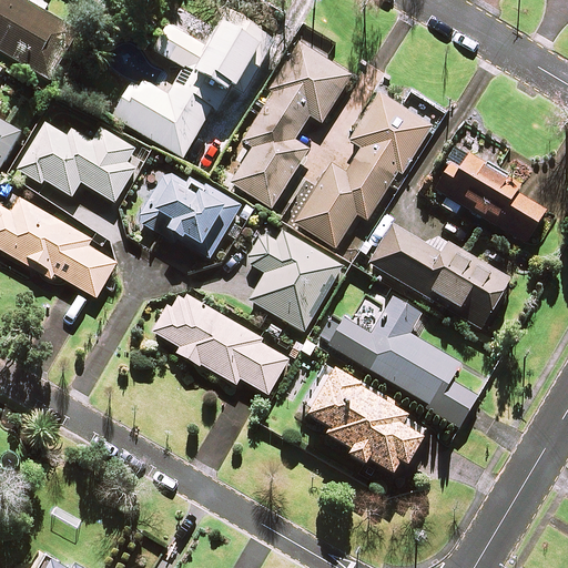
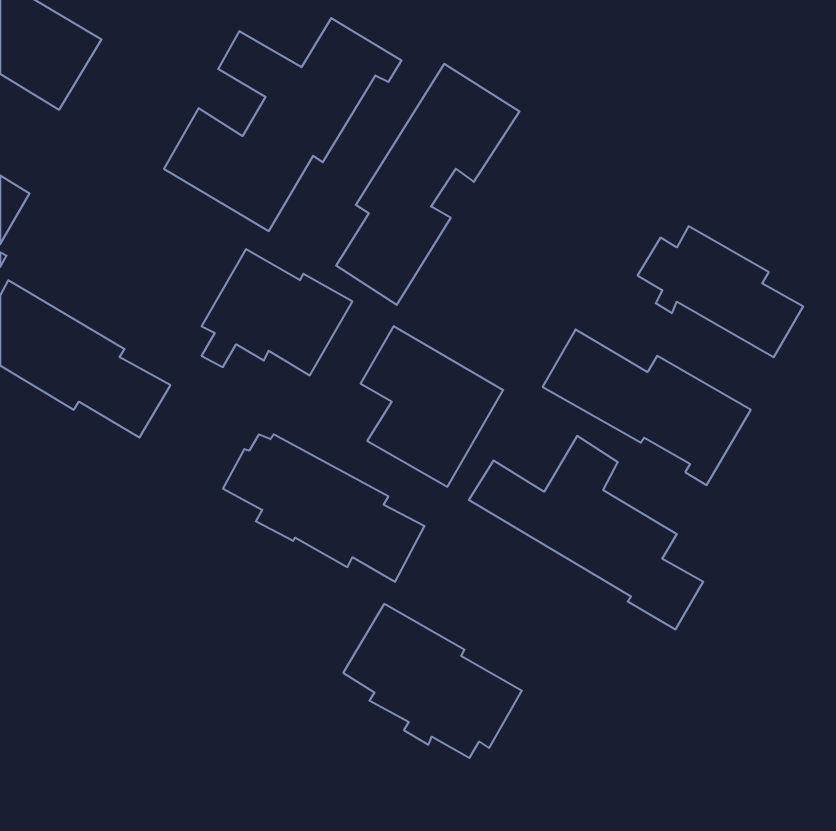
building: [295,92,432,247] -> none
building: [18,113,135,201] -> none
building: [305,368,426,473] -> [343,604,522,758]

